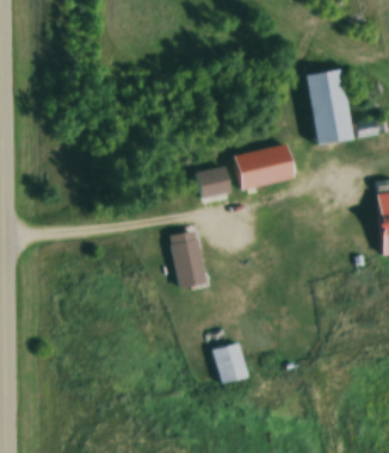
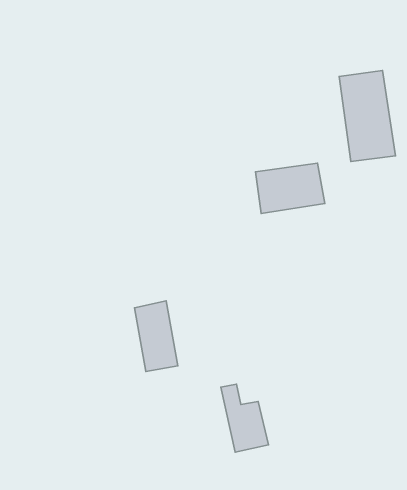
building: [199,169,228,196] -> none
building: [169,229,205,287] -> [134,301,178,372]

